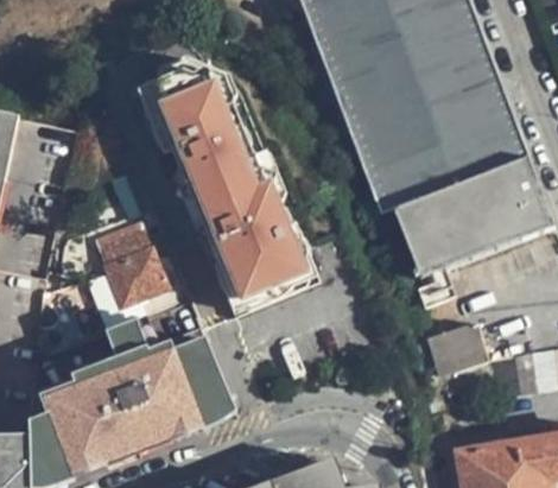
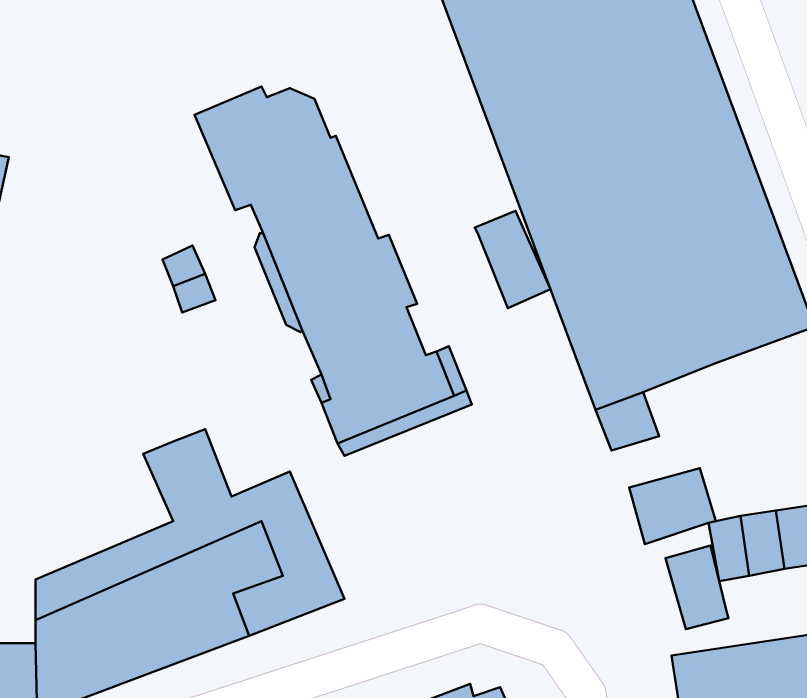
building: none -> [475,211,550,308]
building: [97,222,172,305] -> none
building: none -> [666,545,729,629]

